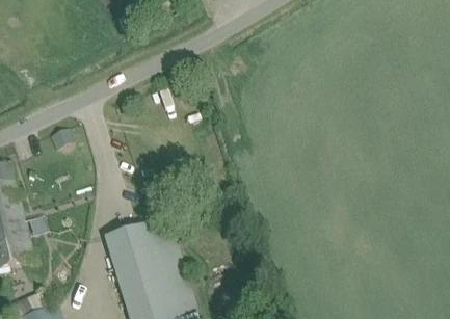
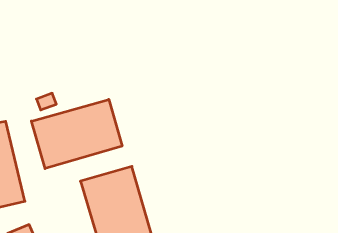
building: none -> [31,99,122,169]

